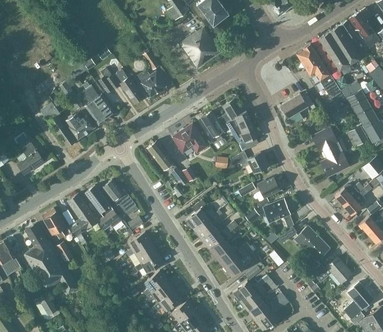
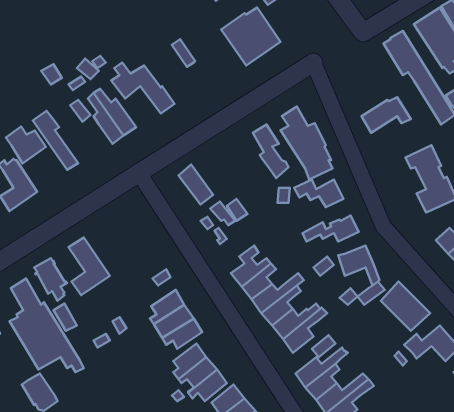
building: [137,70,167,97] -> none
building: [67,112,96,139] -> [6,126,46,163]
building: [173,125,209,152] -> none
building: [103,179,136,212] -> none
building: [86,185,122,229] -> none

